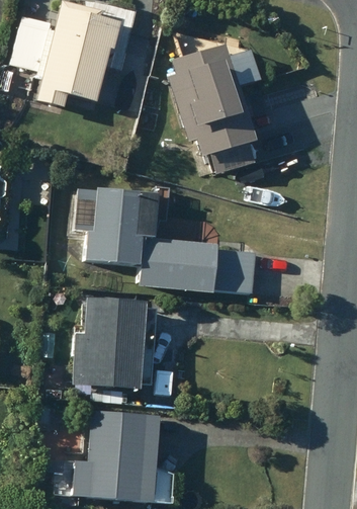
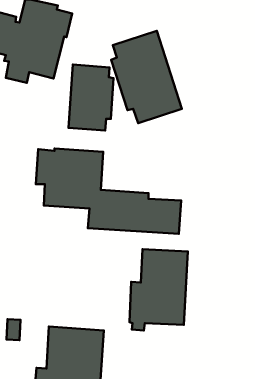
building: none -> [69,65,114,131]
building: [73,293,146,395] -> [129,249,188,330]

